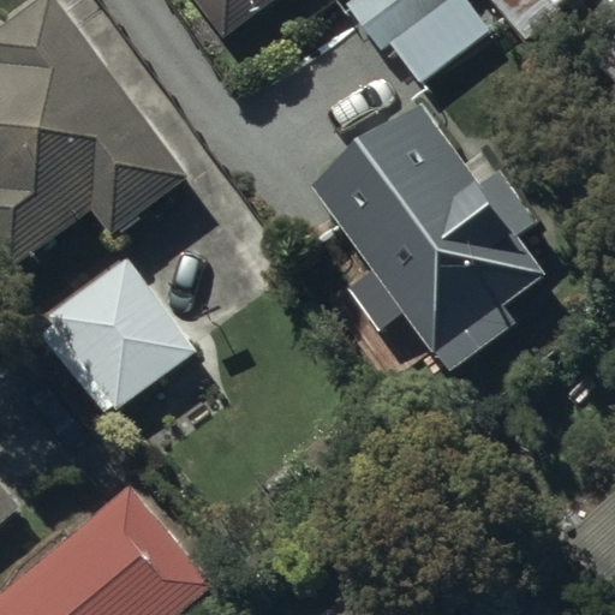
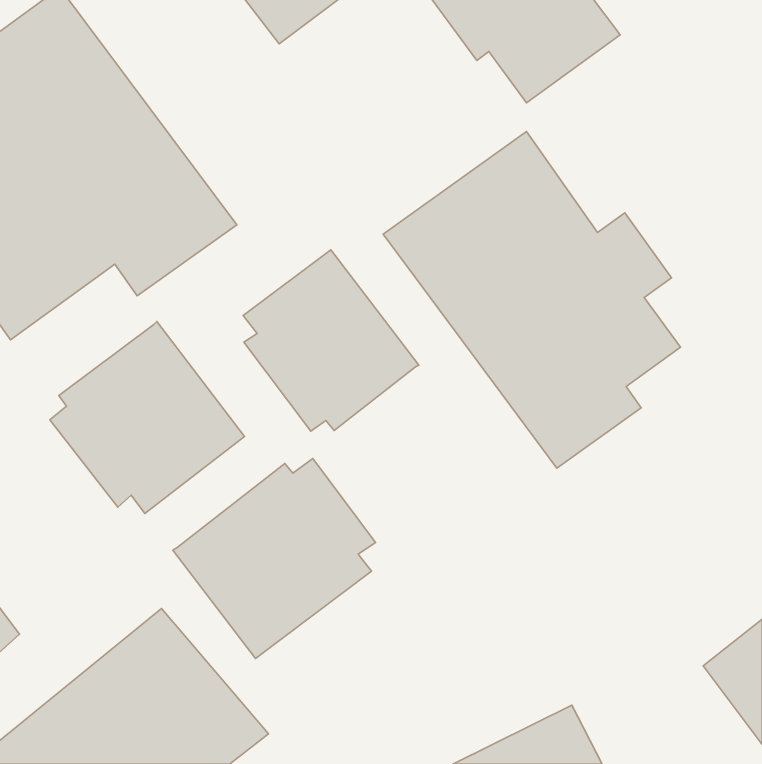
building: none -> [243,250,419,431]
building: none -> [173,459,376,659]

